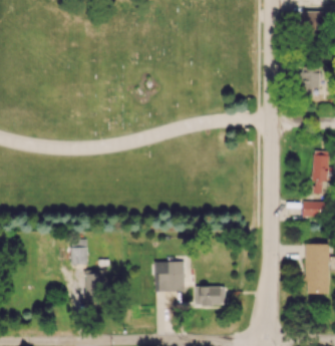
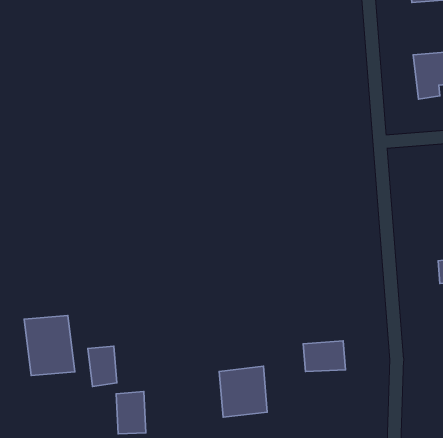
building: none -> [24,316,75,375]
building: [200,288,226,307] -> [303,341,345,372]

